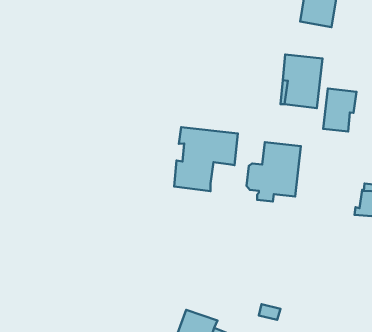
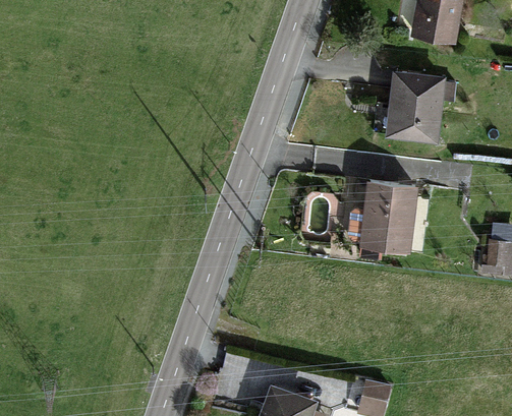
building: [323,88,356,131] -> none
building: [174,127,238,191] -> none

